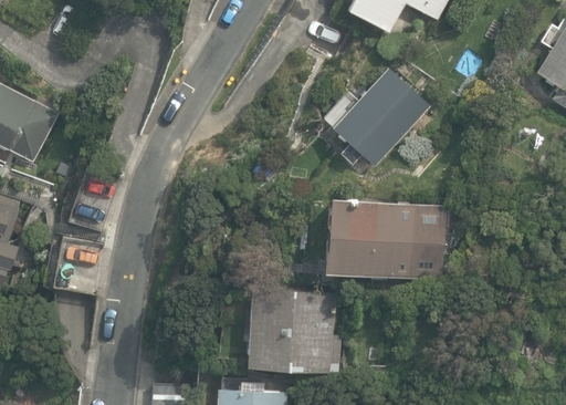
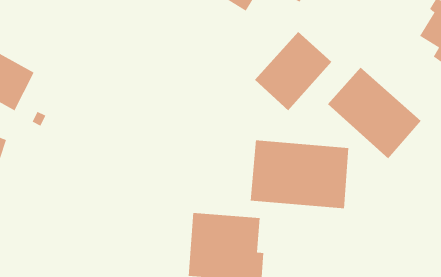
building: none -> [327,67,421,159]

